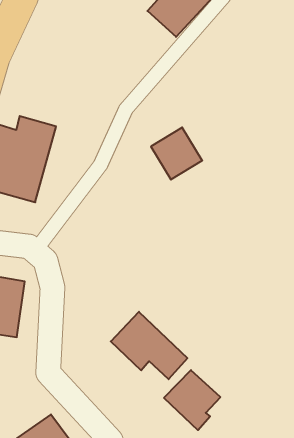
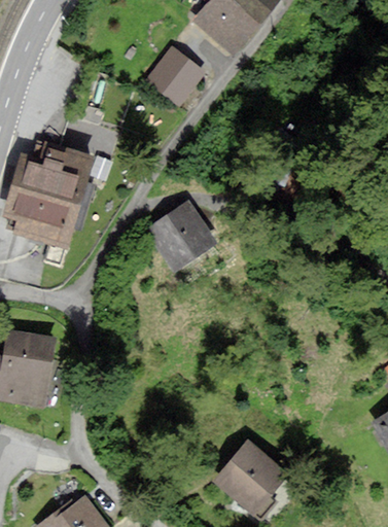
building: none -> [147,49,202,104]
building: [151,127,202,180] -> [151,203,212,265]
building: [111,312,187,379] -> none

